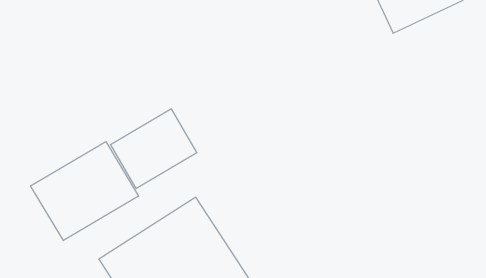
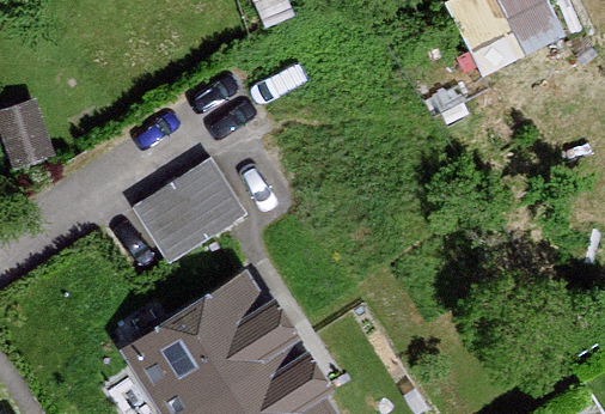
building: [31,142,139,241] -> none

